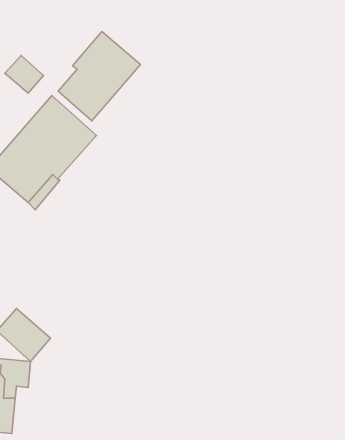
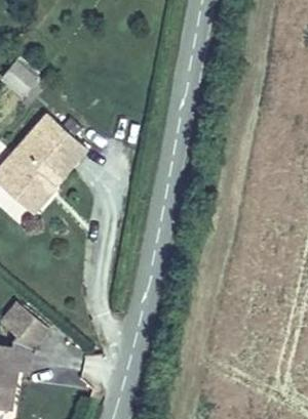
building: [58,32,141,121] -> none

